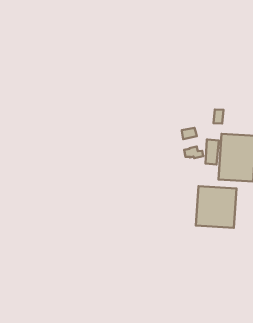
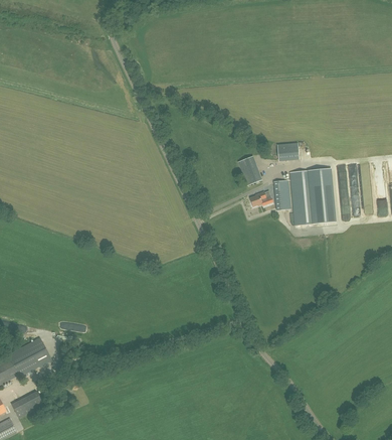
building: [196,186,236,228] -> none

